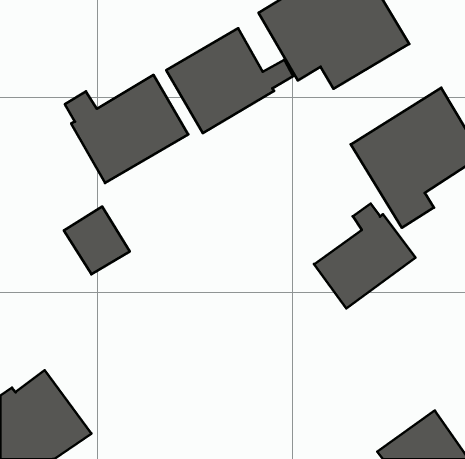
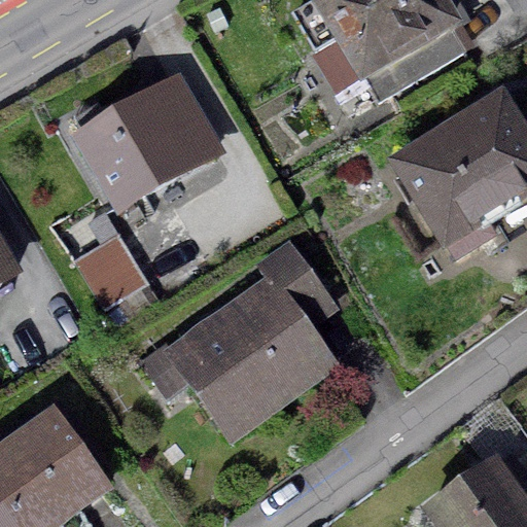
building: [166,28,293,133] -> none
building: [314,204,415,308] -> none
building: none -> [169,246,330,437]

